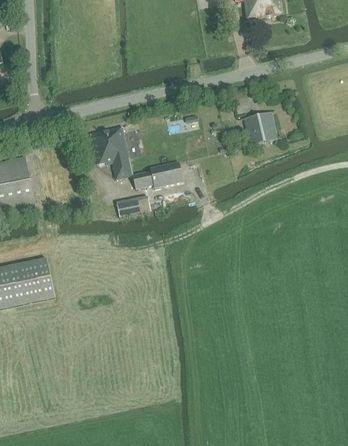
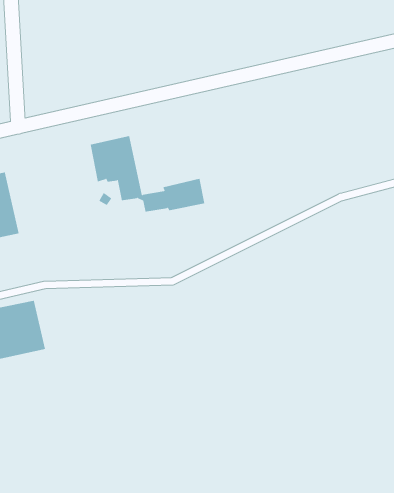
building: [245,110,278,143] -> none
building: [117,194,151,215] -> none

